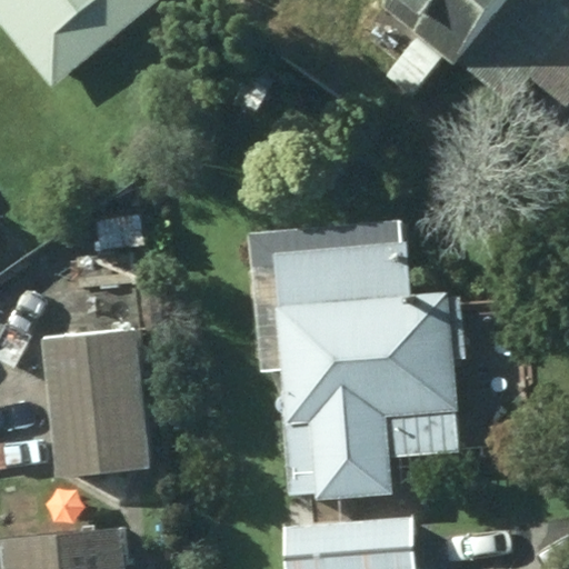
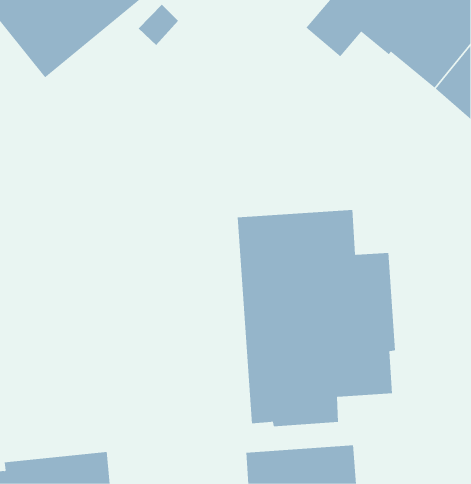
building: [49,327,154,476] -> none

